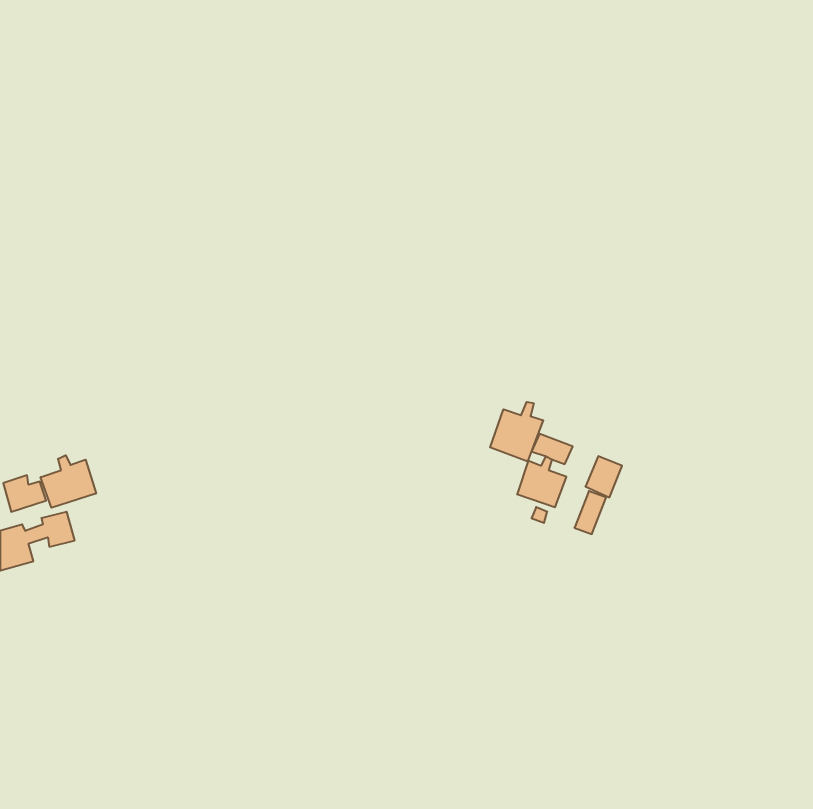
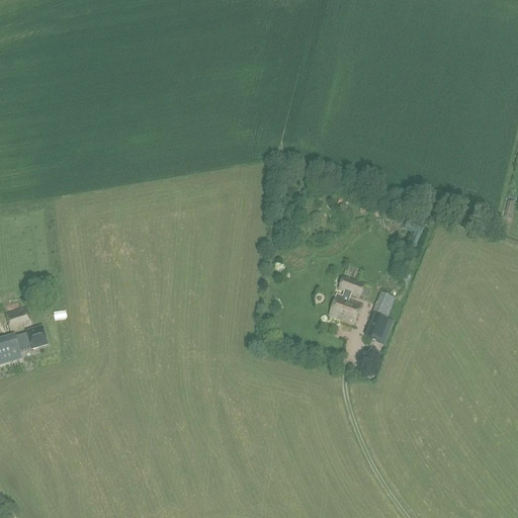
building: [490,402,543,462] -> none
building: [41,455,96,508] -> none

